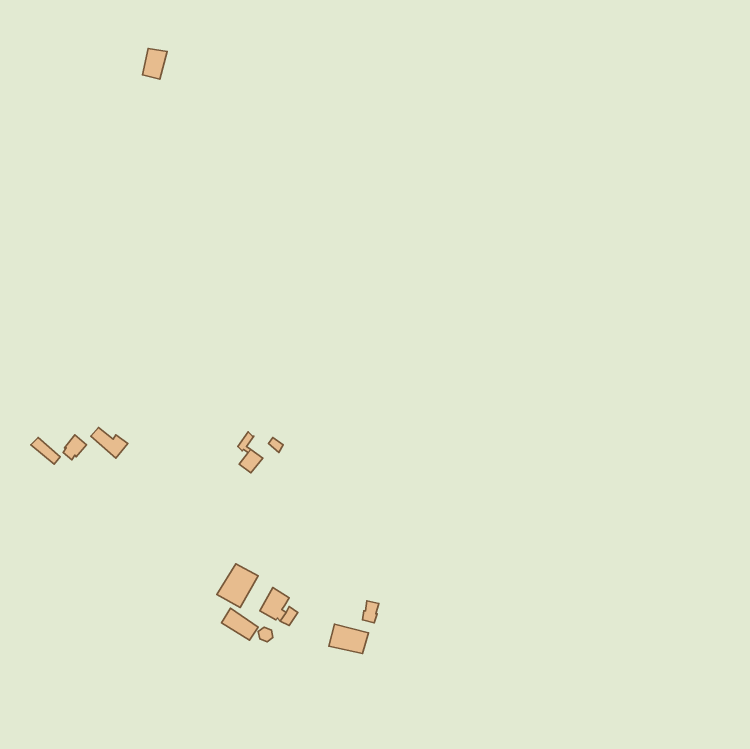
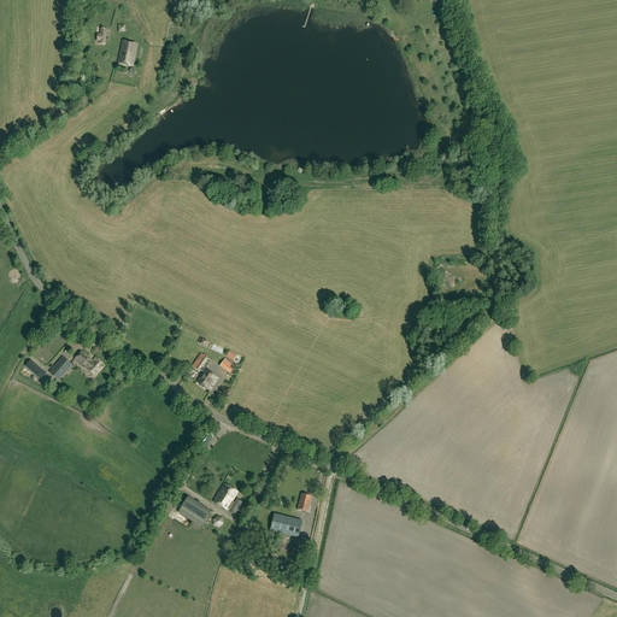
building: [217,564,258,608] -> none

